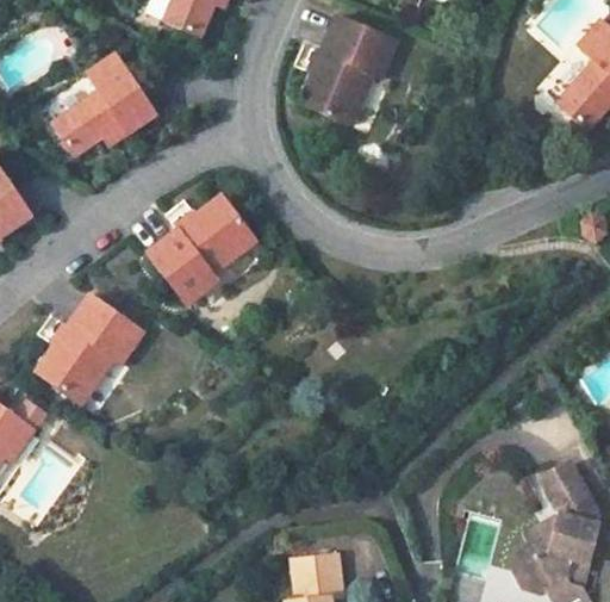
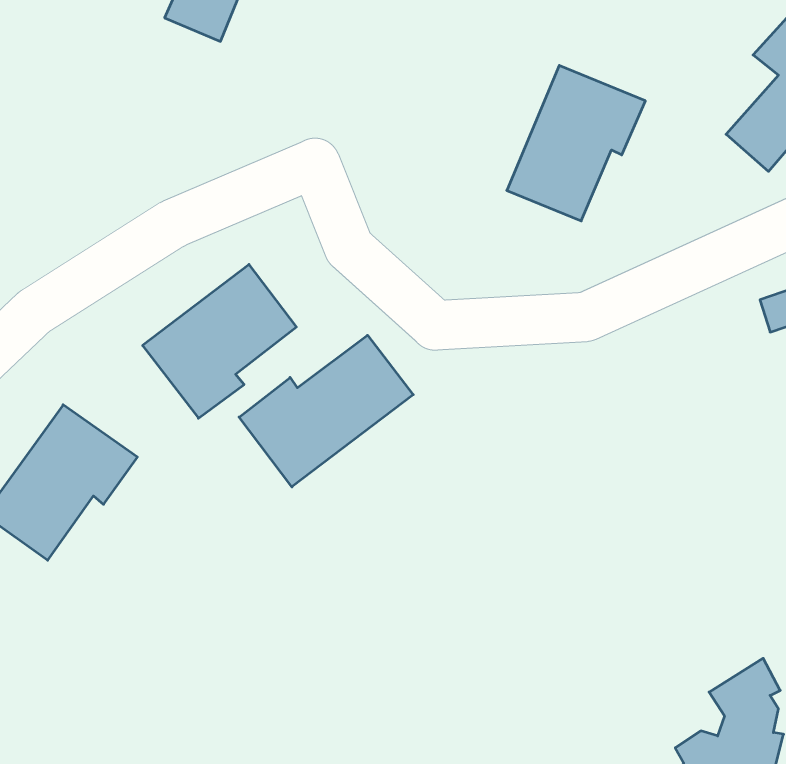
building: [298,14,396,124] -> [507,65,645,221]
building: [50,54,155,156] -> none
building: none -> [239,335,413,487]

